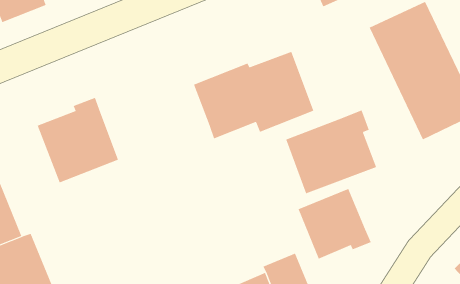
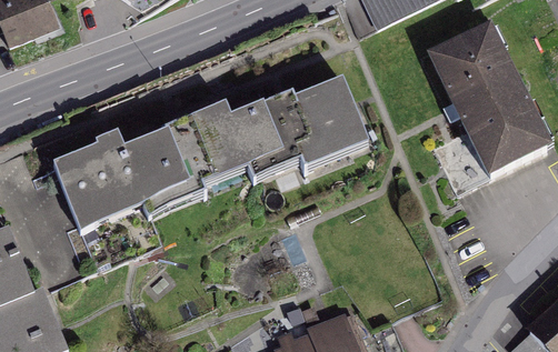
building: none -> [123,103,246,202]
building: [286,110,377,194] -> none
building: [298,188,371,259] -> none

